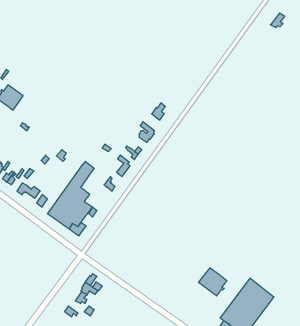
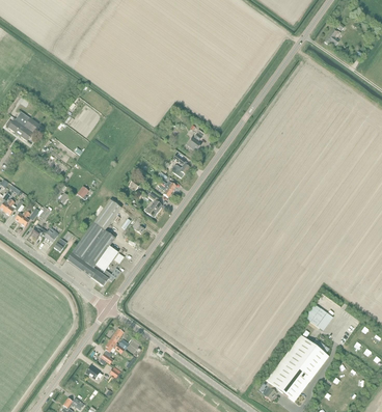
building: none -> [305,302,334,329]
building: [199,268,227,296] -> none

